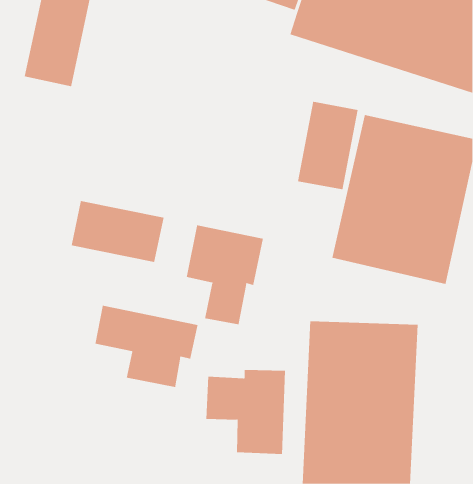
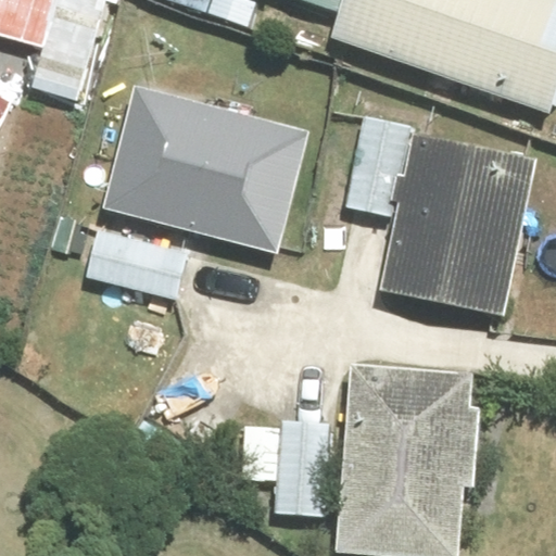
building: none -> [101,85,315,255]
building: [186,224,264,325] -> none
building: [95,305,198,388] -> none

